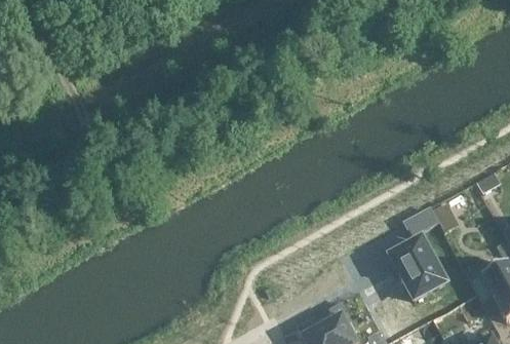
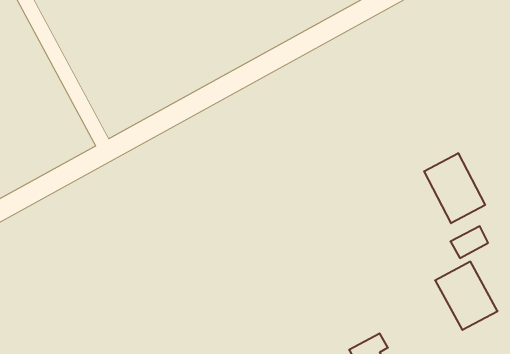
building: none -> [424,153,485,223]

